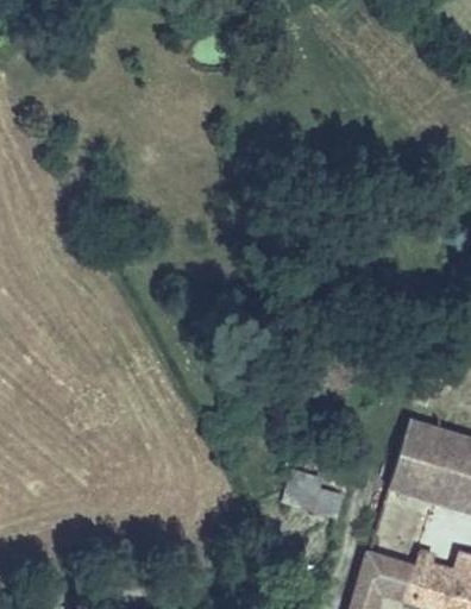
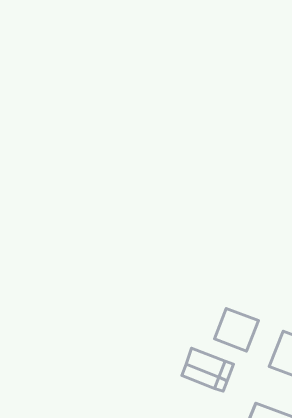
building: none -> [215,309,258,351]

